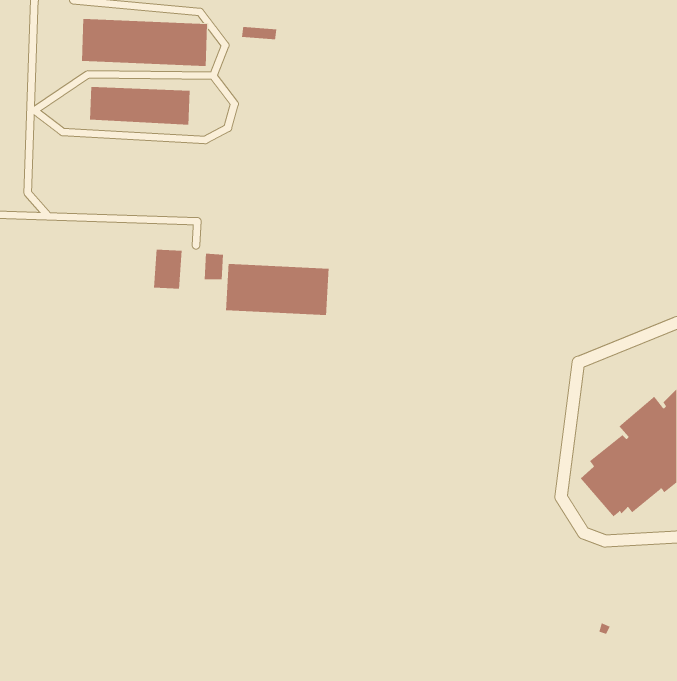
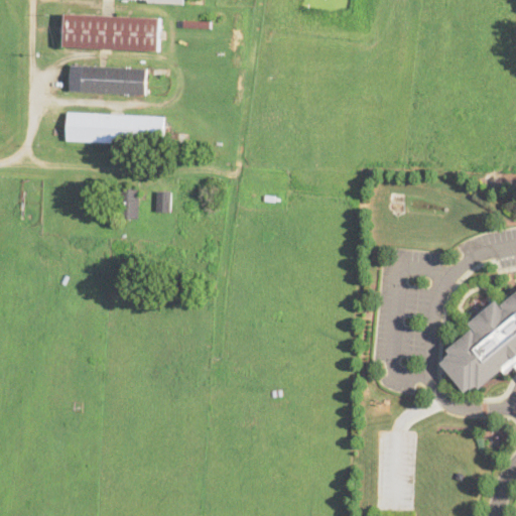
building: none -> [64,113,161,145]
building: [226,263,329,316] -> none

